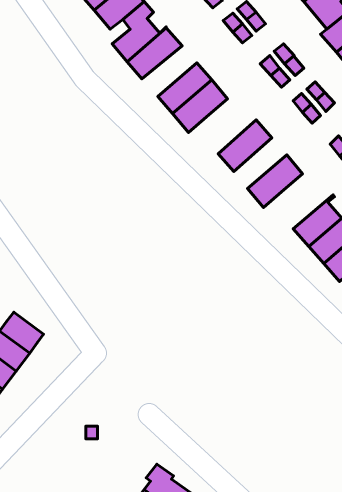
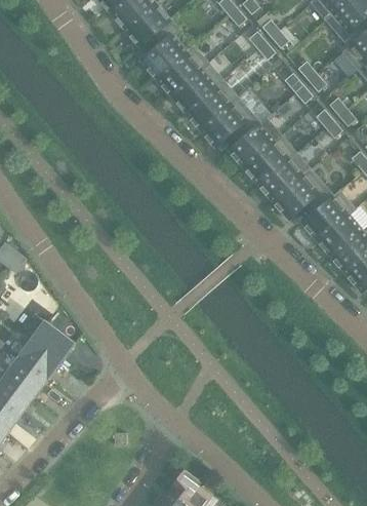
building: none -> [168,63,221,112]
building: none -> [227,114,279,167]
building: none -> [257,152,309,201]
building: none -> [300,187,354,240]

